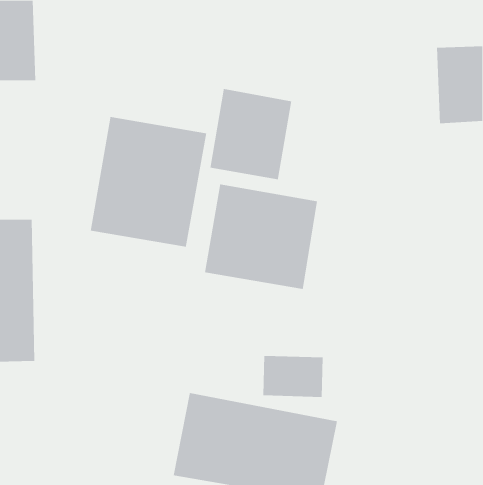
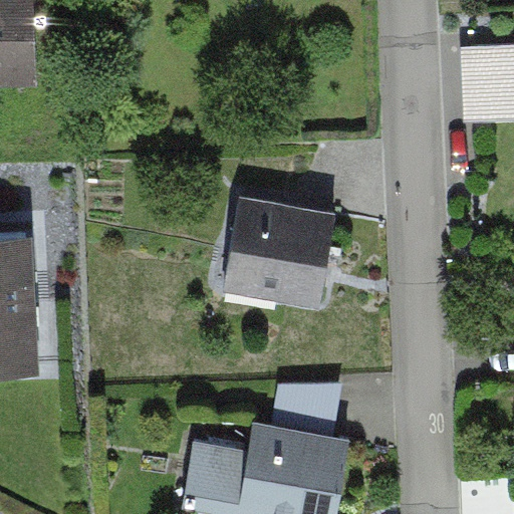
building: [210,88,292,180] -> none
building: [90,116,207,247] -> none

